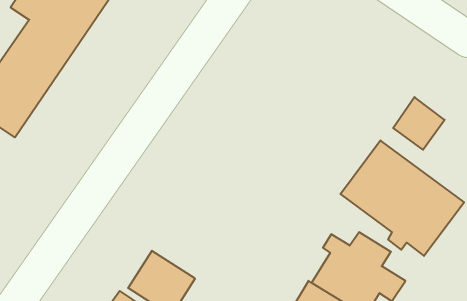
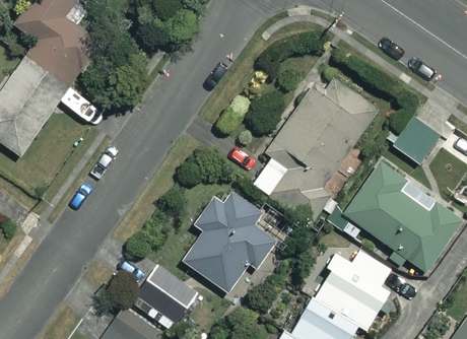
building: none -> [250,76,371,220]
building: none -> [183,191,275,292]

